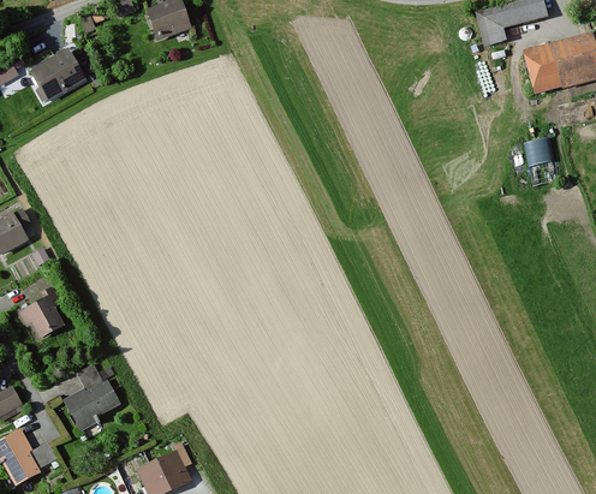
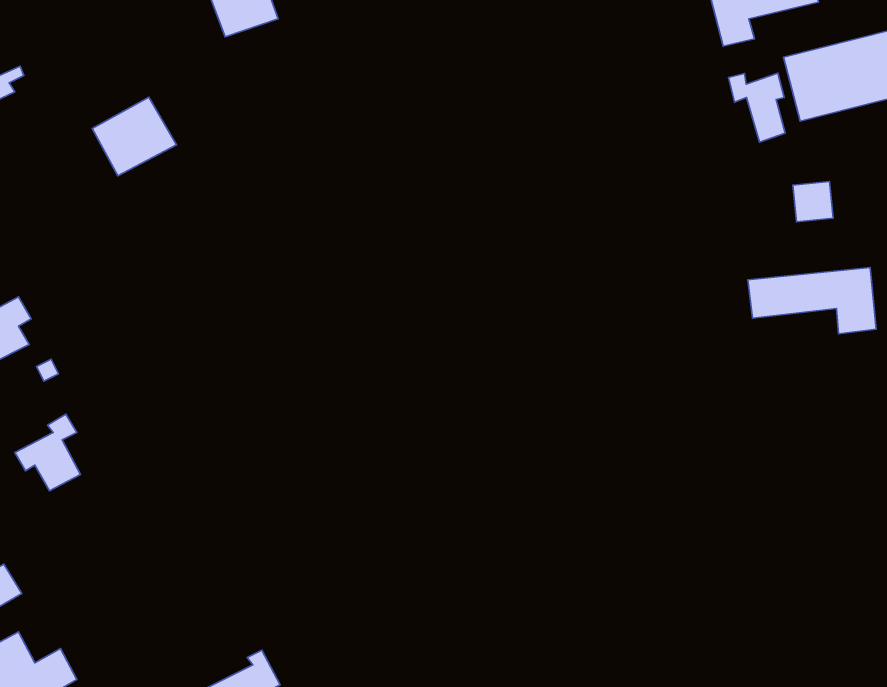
building: [31,48,87,100] -> [92,97,176,176]
building: none -> [728,73,785,142]
building: none -> [748,268,876,334]
building: [64,359,119,427] -> none

